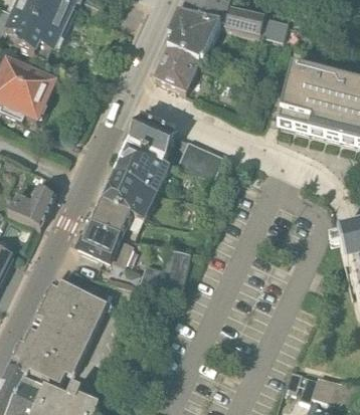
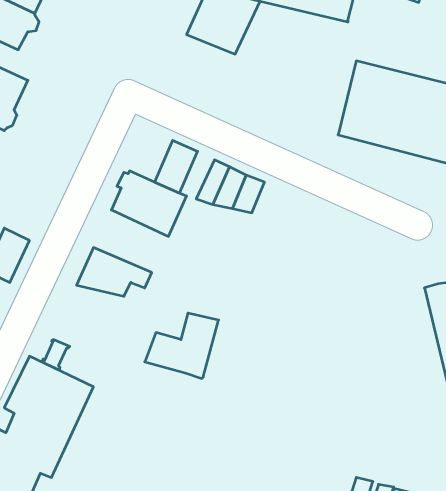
building: [156,46,203,89] -> none
building: [126,115,158,153] -> none
building: [100,173,155,218] -> none
building: [80,227,132,265] -> none

